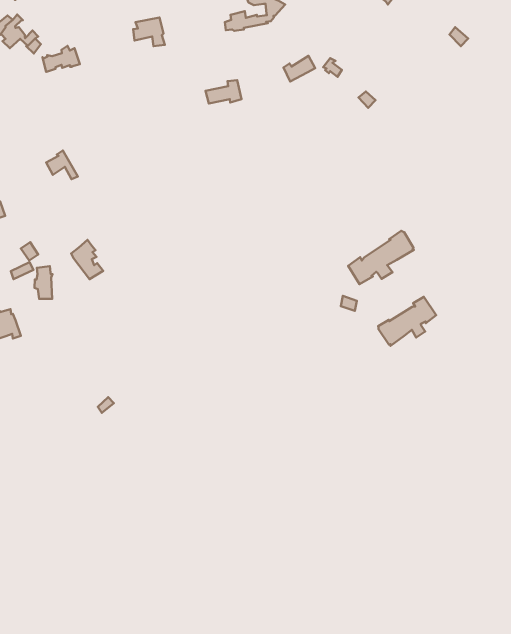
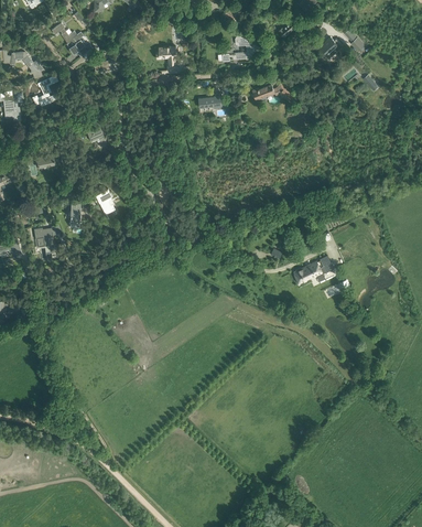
building: [348,231,414,284] -> none

